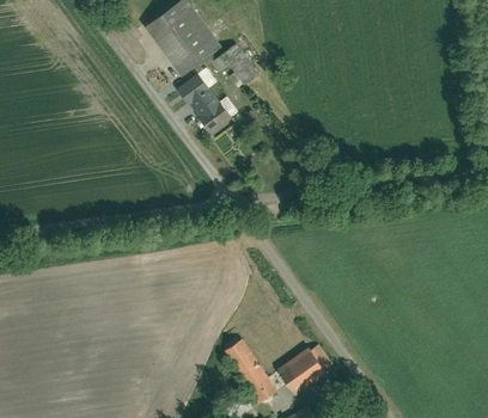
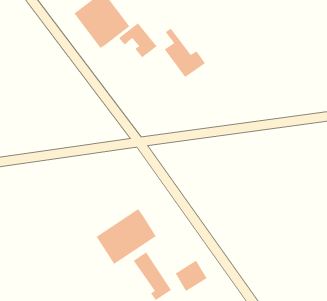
building: [183,66,238,131] -> [164,28,206,78]
building: none -> [96,208,156,265]

